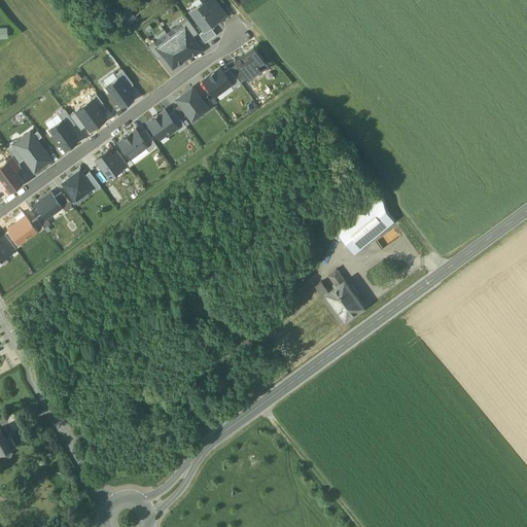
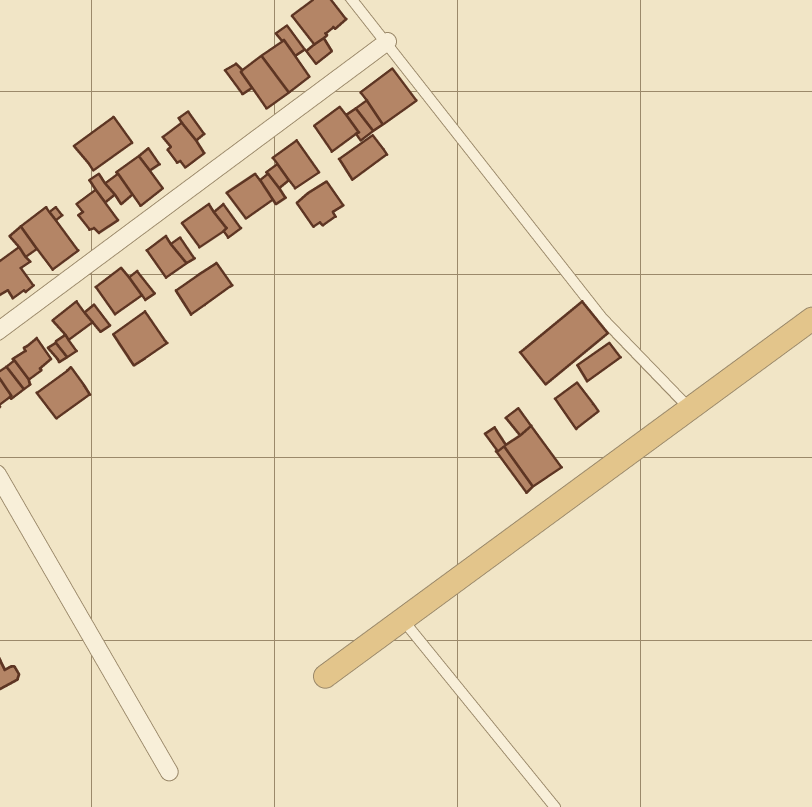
building: none -> [74,117,132,170]
building: none -> [339,135,387,180]
building: none -> [297,182,343,227]
building: none -> [176,263,232,315]
building: none -> [113,311,167,365]
building: none -> [37,367,90,418]
building: none -> [555,383,598,429]

